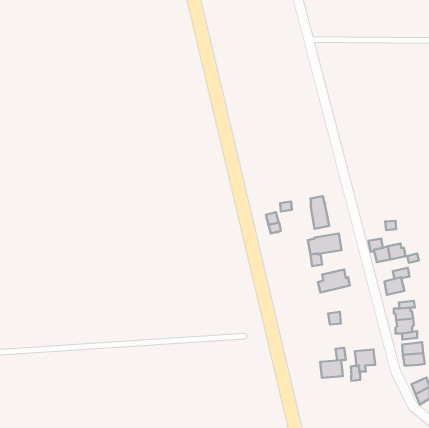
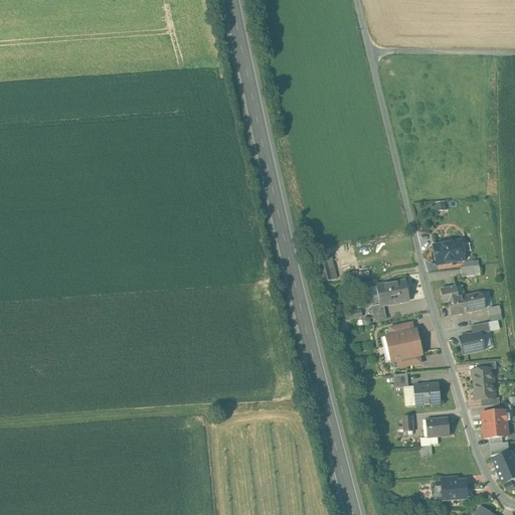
building: [310,196,329,229] -> none
building: none -> [434,237,465,263]
building: none -> [384,341,421,367]
building: [320,360,343,378] -> [413,382,441,403]
building: none -> [433,481,467,499]

